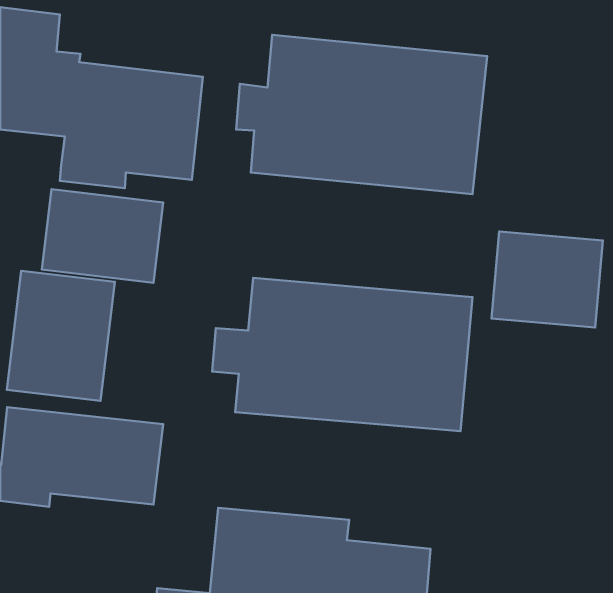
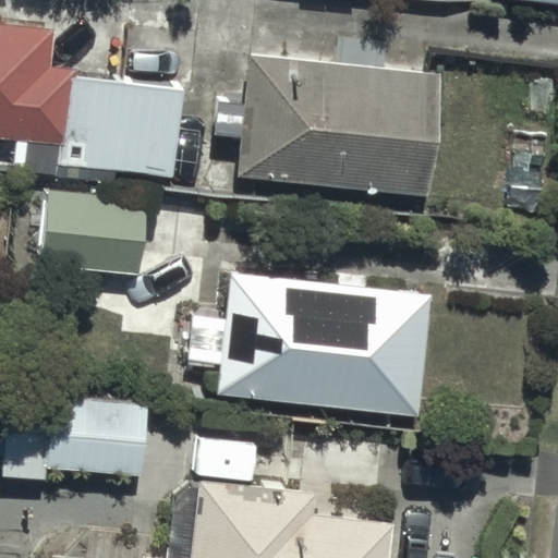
building: [492,231,603,327] -> none
building: [7,271,115,401] -> none

